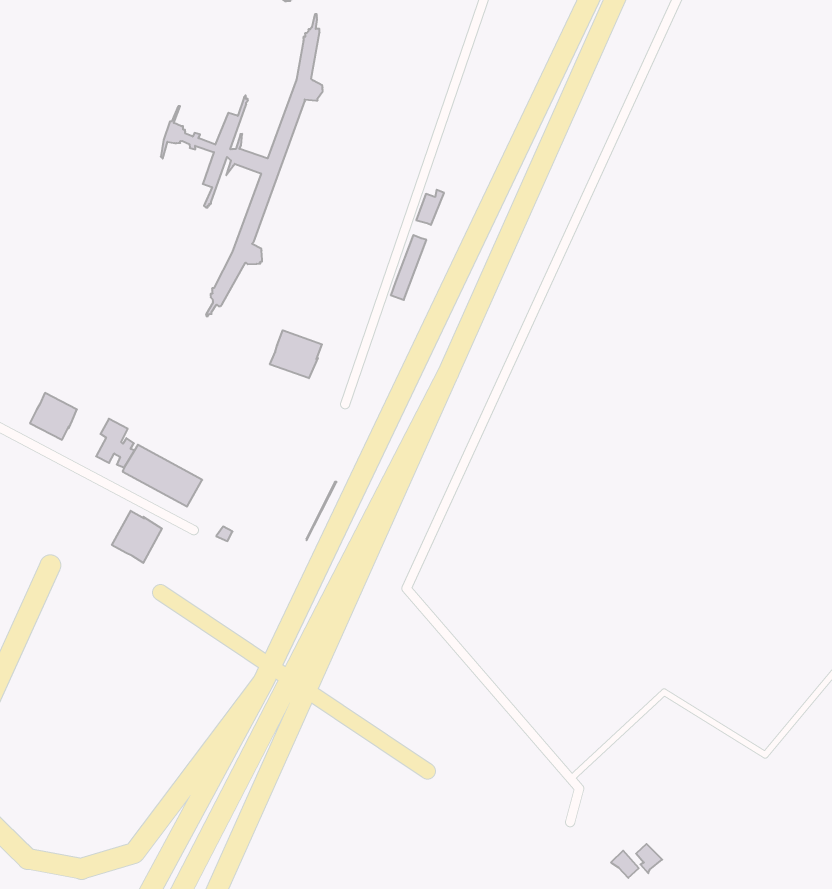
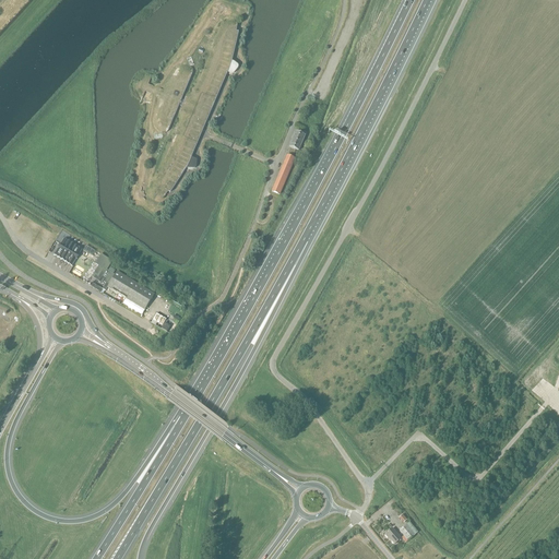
building: [270,330,322,378] -> none
building: [112,511,162,563] -> none

